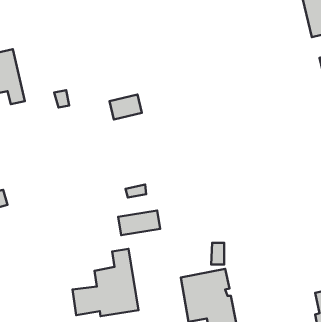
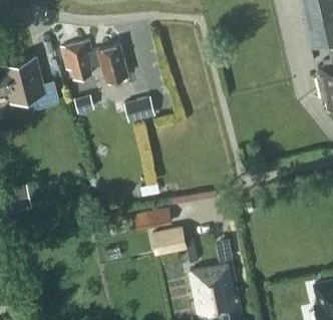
building: none -> [62,43,127,83]
building: none -> [155,226,188,249]
building: [73,249,138,316] -> none

